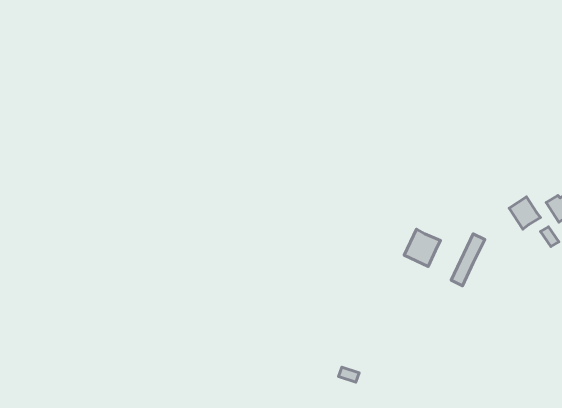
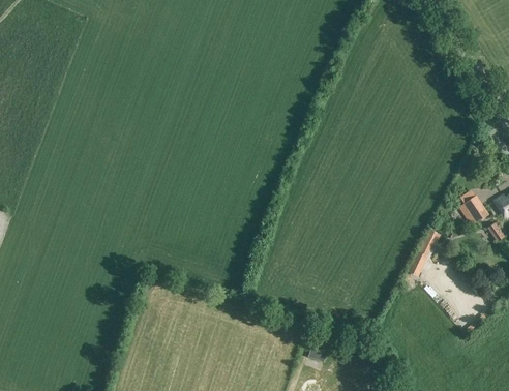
building: [404,229,441,266] -> none

